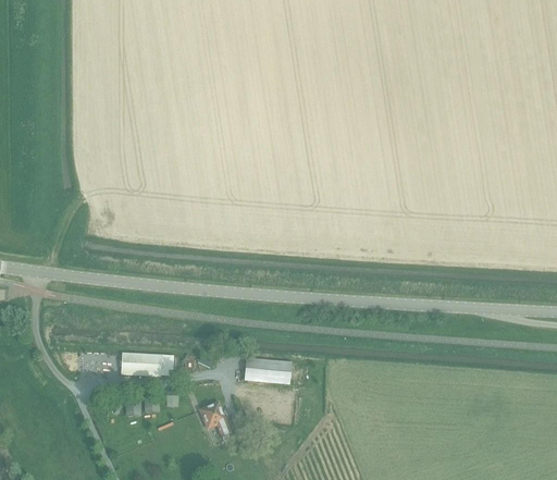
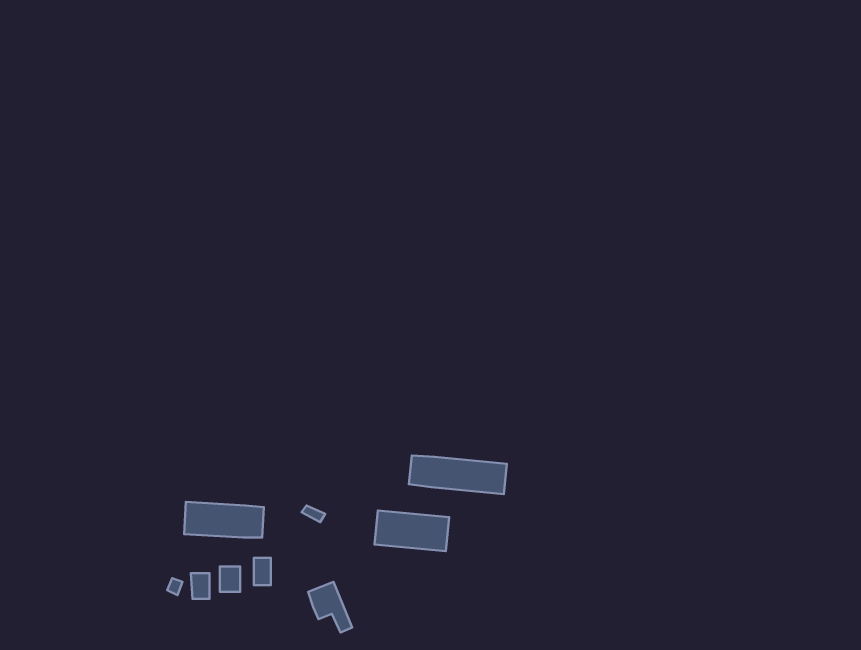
building: none -> [409,455,507,494]

